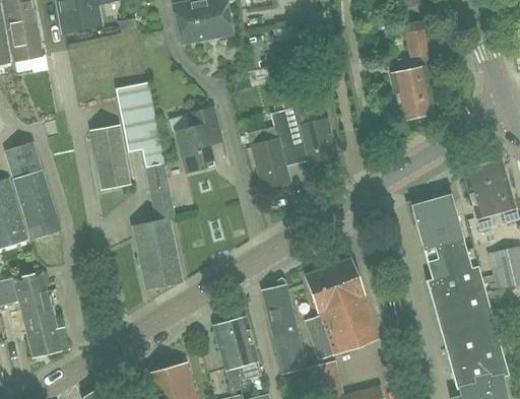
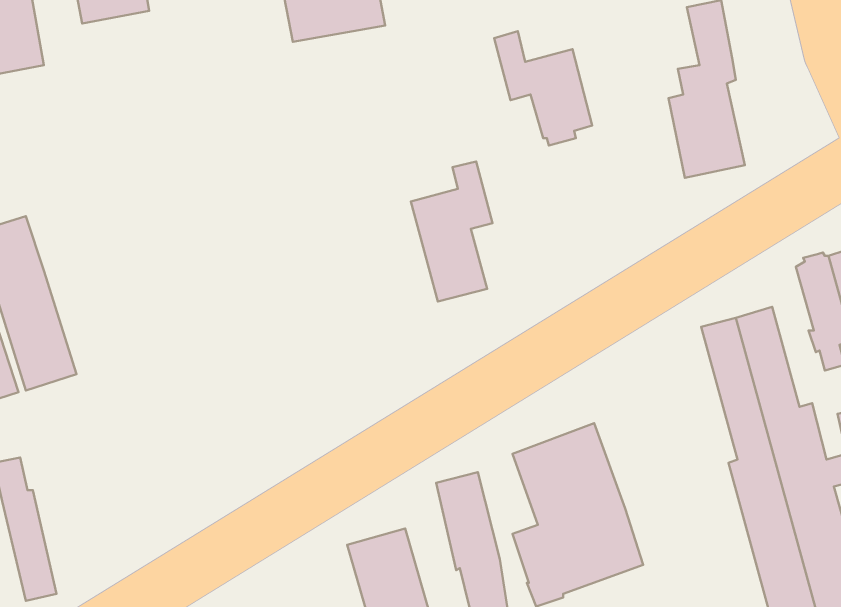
building: [118,82,181,289] -> none
building: [177,107,221,172] -> none
building: [284,107,339,171] -> [494,31,592,145]
building: [91,127,130,189] -> none
building: [29,272,68,352] -> none

